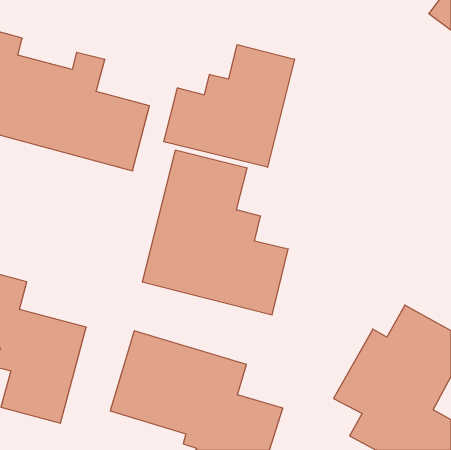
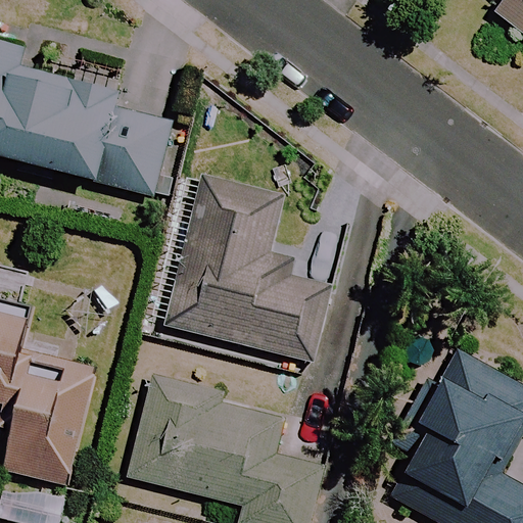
building: [164,45,295,167] -> none

